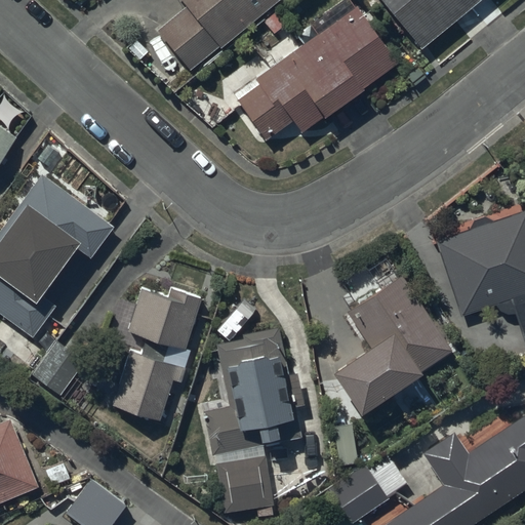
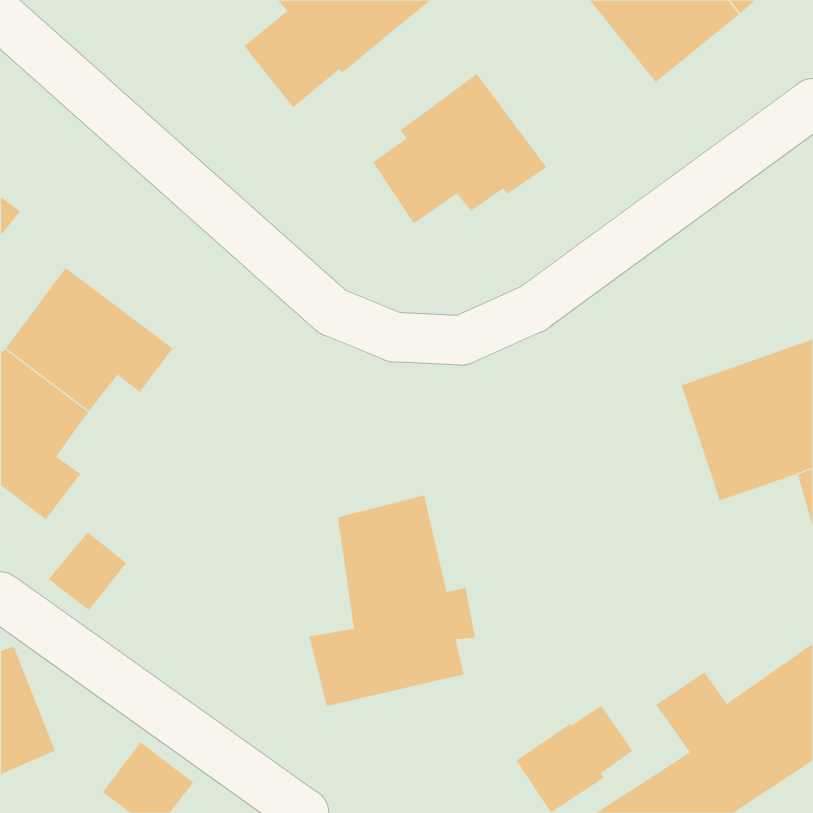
building: [308,11,399,108] -> none
building: [114,285,199,414] -> none
building: [338,285,451,413] -> none
building: [214,454,271,511] -> none

